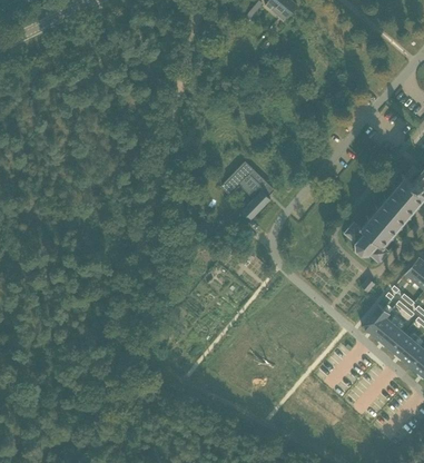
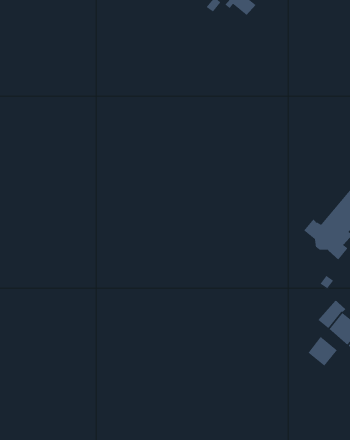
building: [227,162,273,219] -> none
building: none -> [308,336,338,366]

